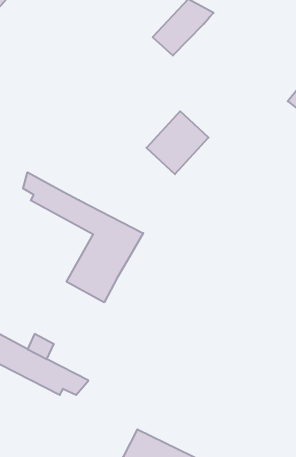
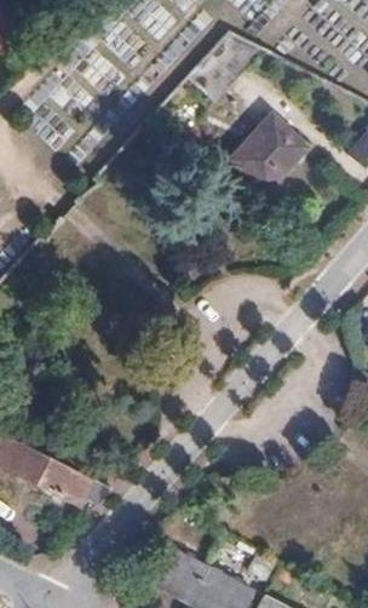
building: [146,111,209,174] -> [230,115,304,190]
building: [23,172,143,302] -> none

